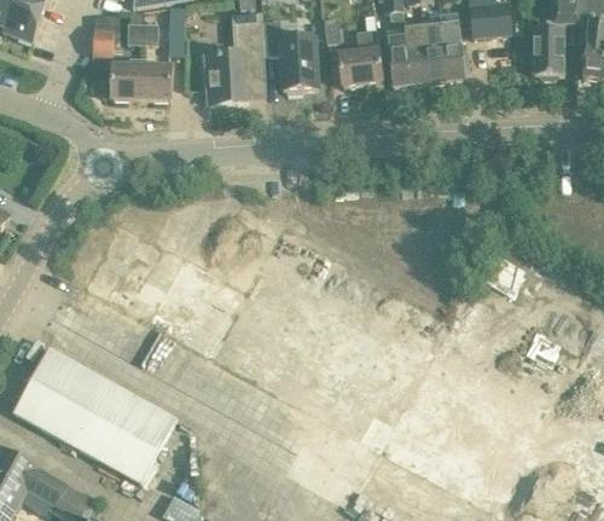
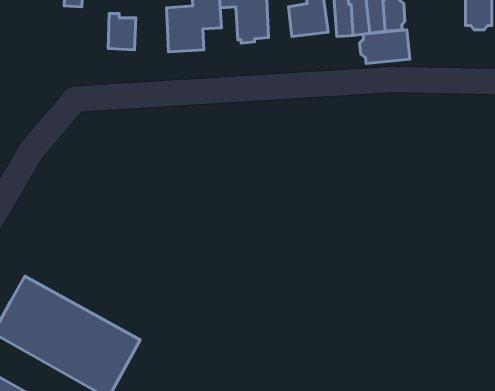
building: [103,59,143,99] -> none
building: none -> [360,30,410,64]

